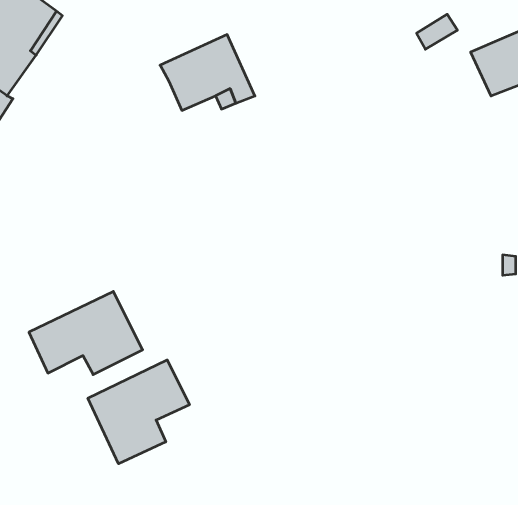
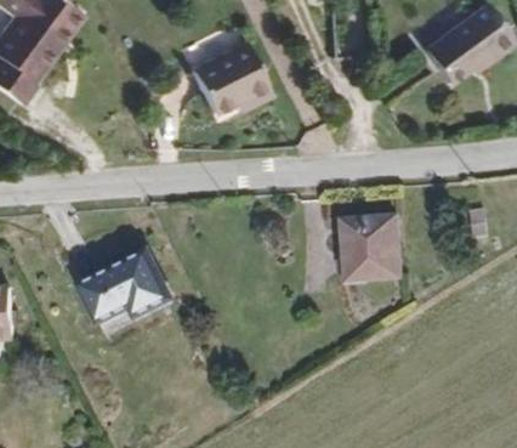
building: none -> [352,215,408,276]
building: [88,360,189,464] -> none

